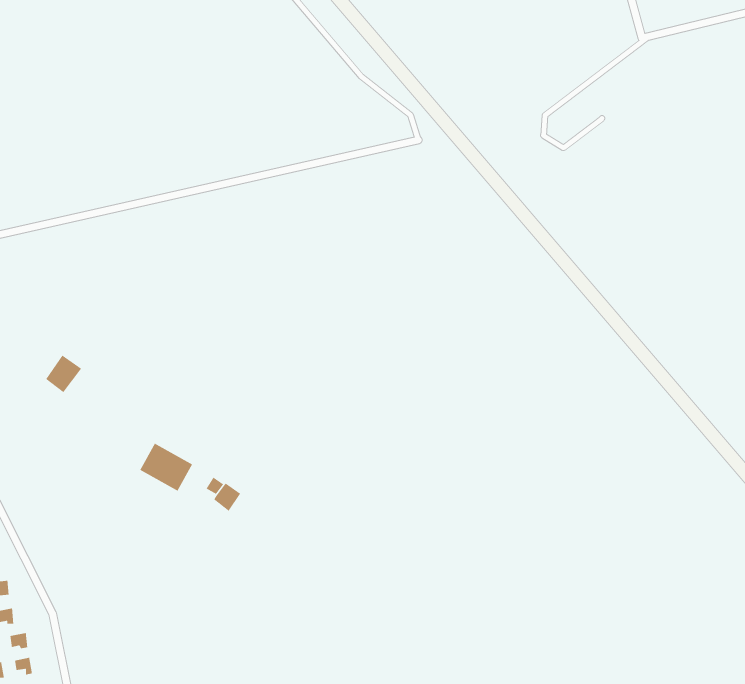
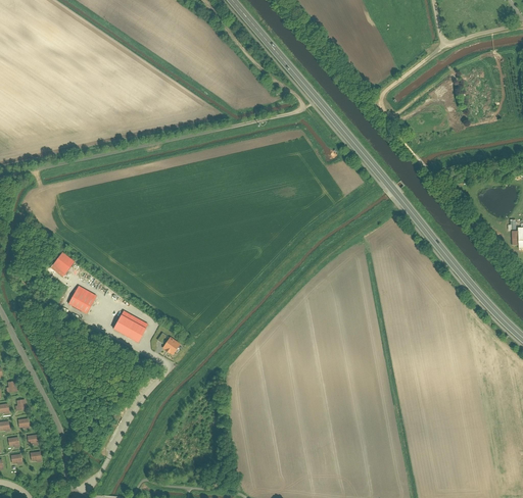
building: none -> [67,285,96,313]

